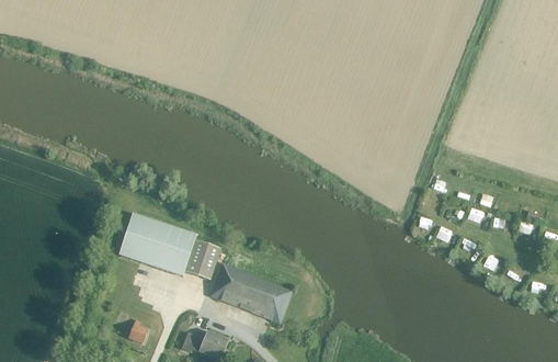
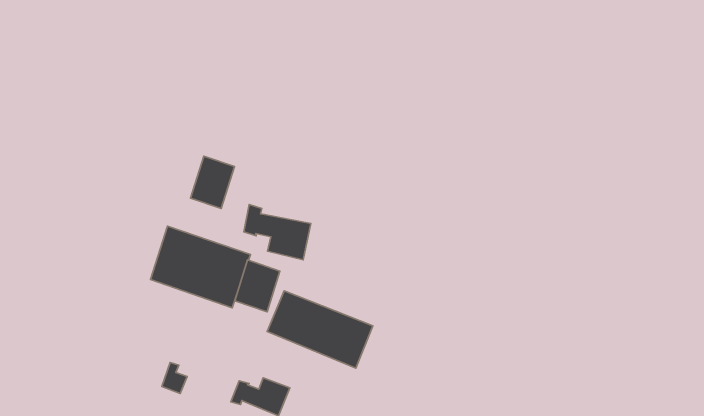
building: none -> [190,156,234,208]
building: none -> [244,205,311,260]

